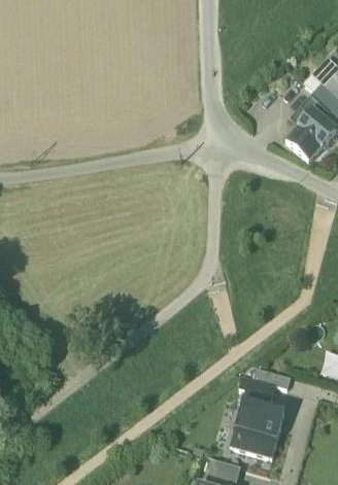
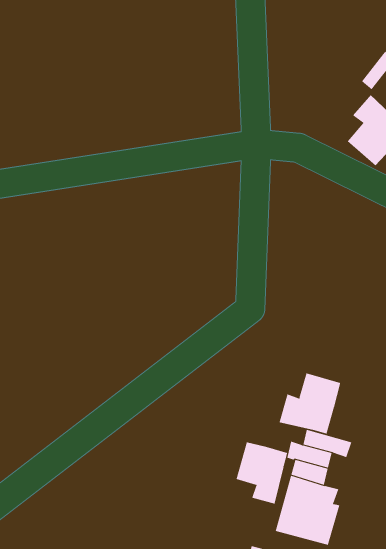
building: none -> [279,372,341,434]
building: none -> [236,442,288,505]

